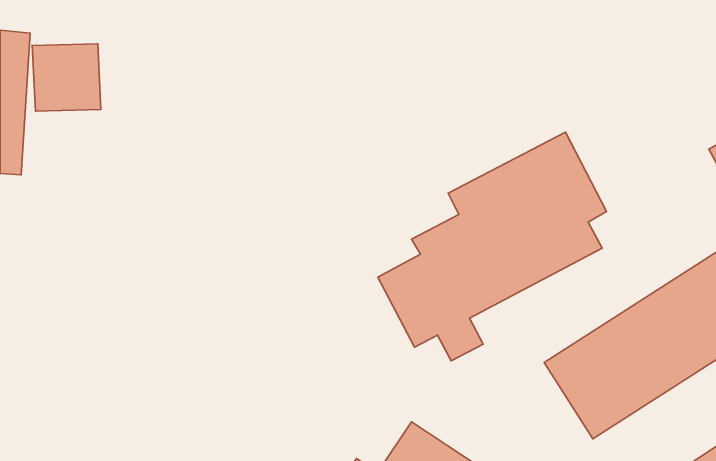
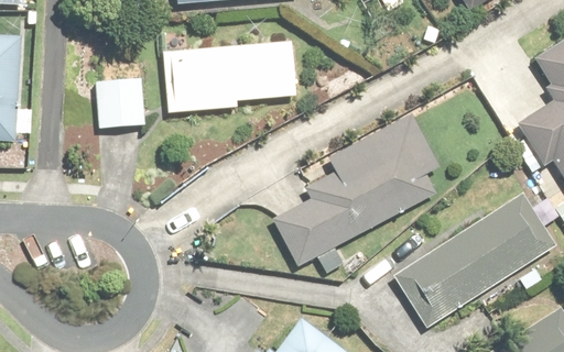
building: none -> [166,44,295,114]
building: [32,44,101,111] -> [95,80,144,129]

